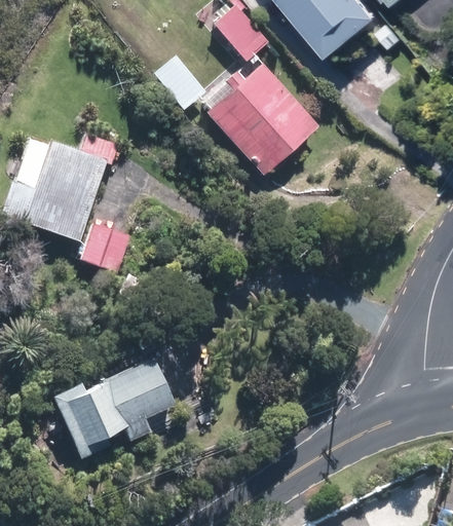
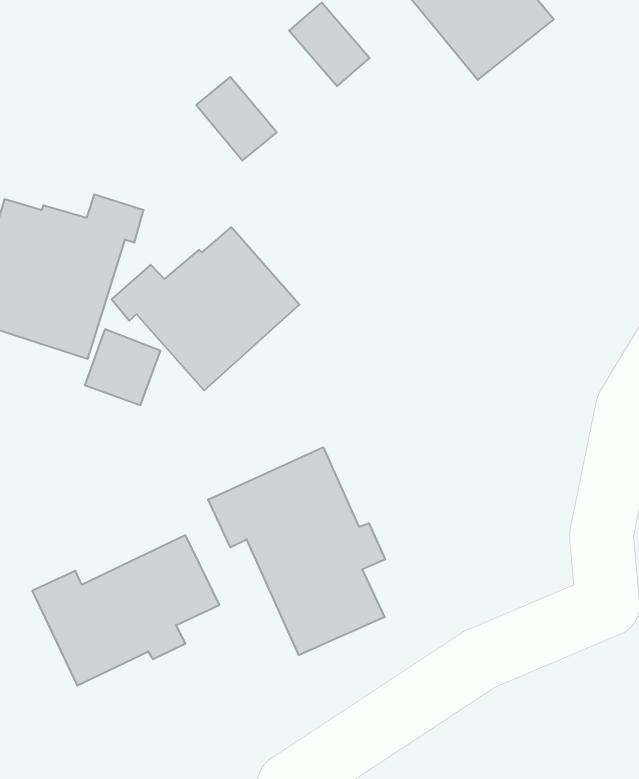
building: [207,62,320,177] -> none
building: none -> [112,227,300,390]
building: none -> [208,447,385,655]

